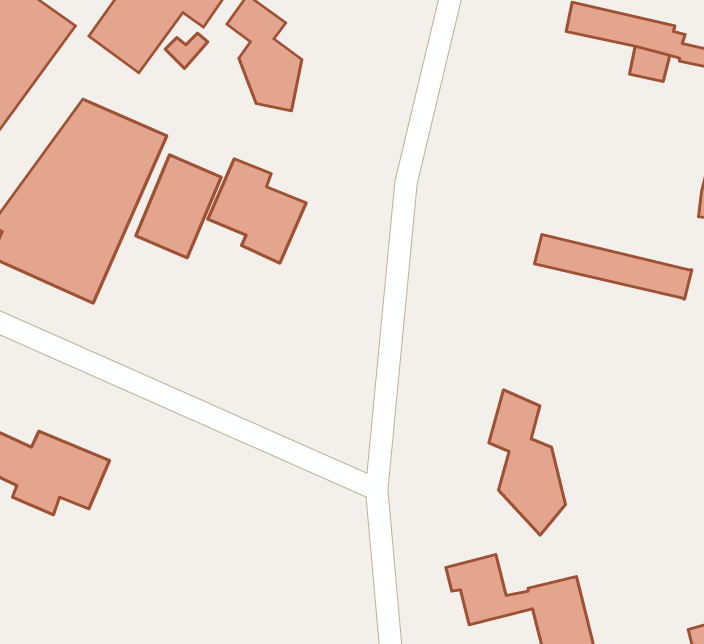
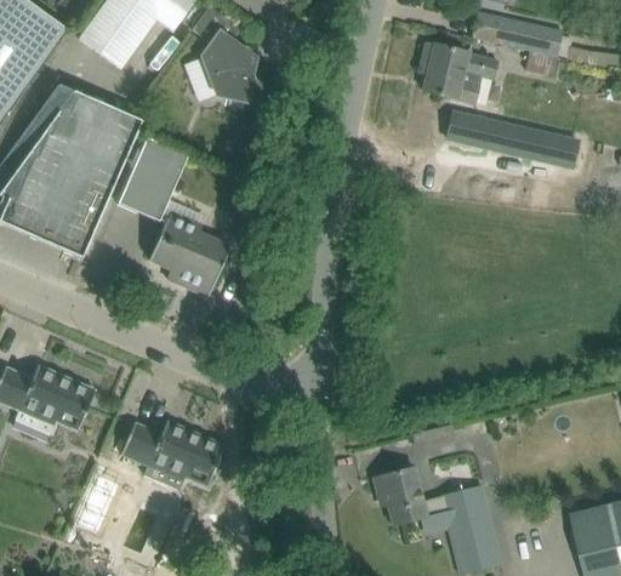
building: none -> [418,35,495,99]
building: [208,159,306,263] -> [148,209,229,295]
building: [535,235,692,299] -> [446,110,576,164]
building: [489,390,566,535] -> none
building: none -> [120,420,223,489]

